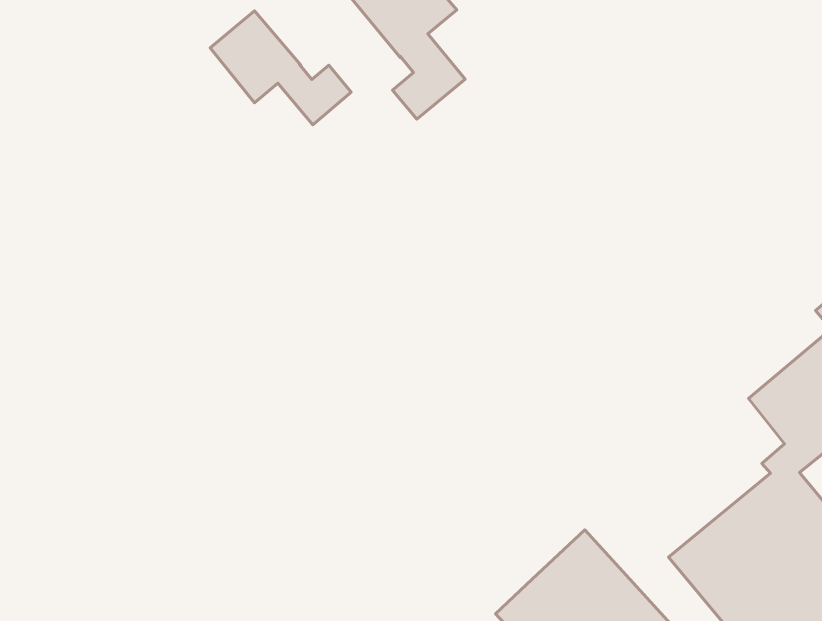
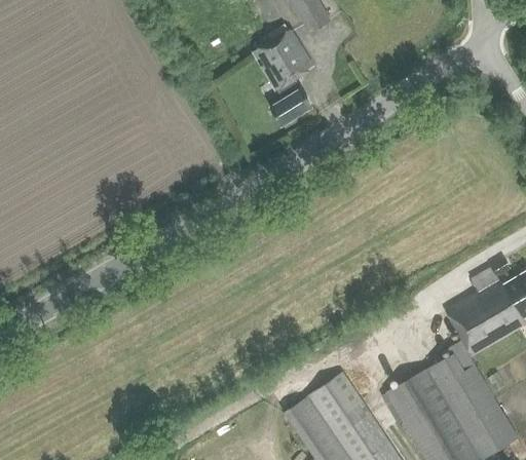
building: [210,11,351,125] -> none

